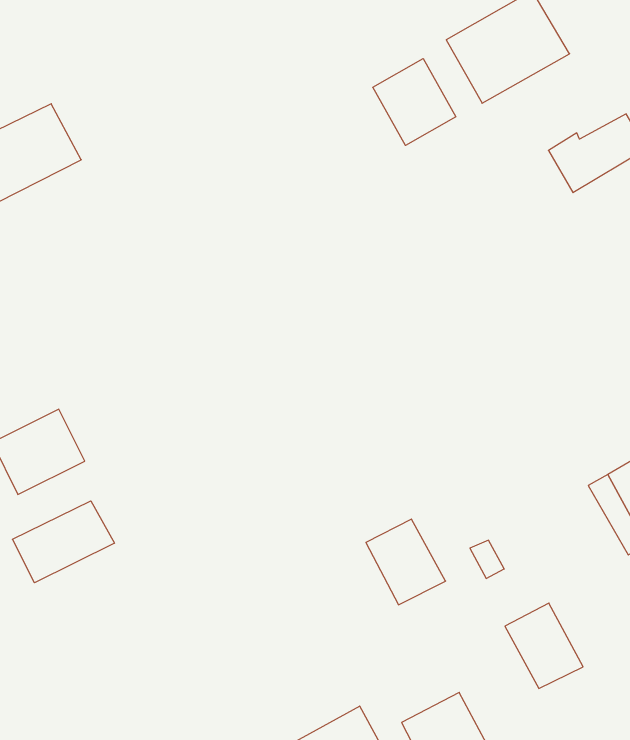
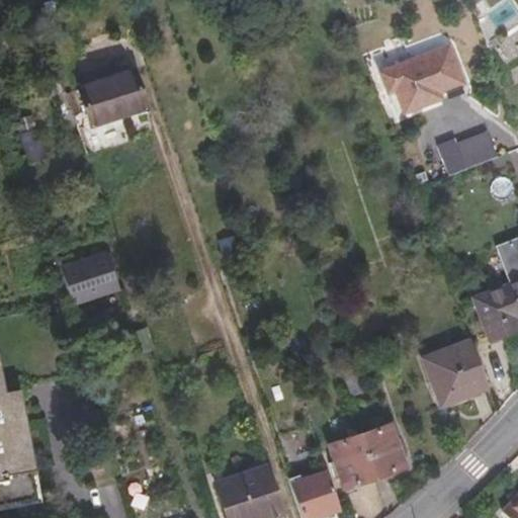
building: [373,59,456,145] -> none
building: [12,501,114,583] -> none
building: [366,519,446,605] -> [334,435,379,487]

